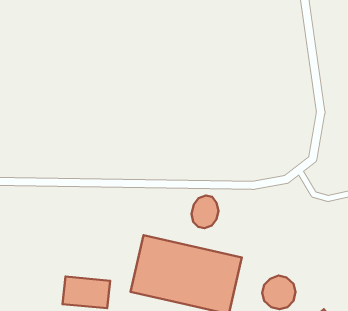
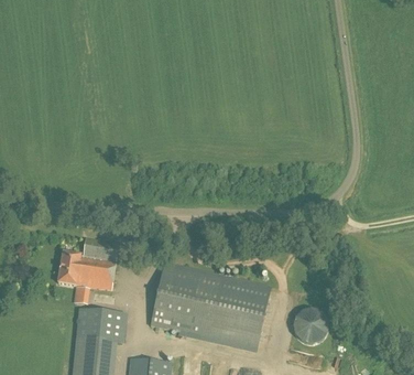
building: [192,195,218,228] -> none
building: none -> [56,236,118,289]

